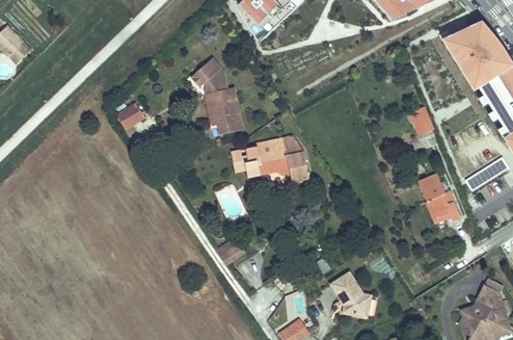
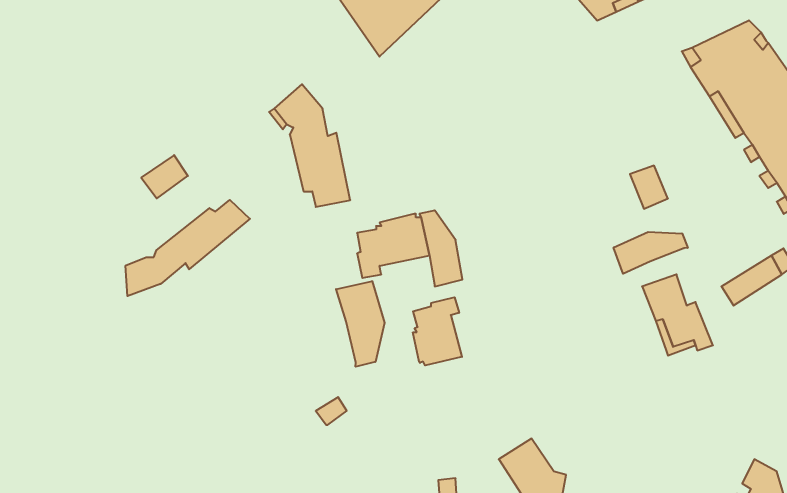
building: none -> [126,200,250,296]
building: none -> [614,232,688,274]
building: none -> [336,281,385,367]
building: none -> [413,297,462,365]

